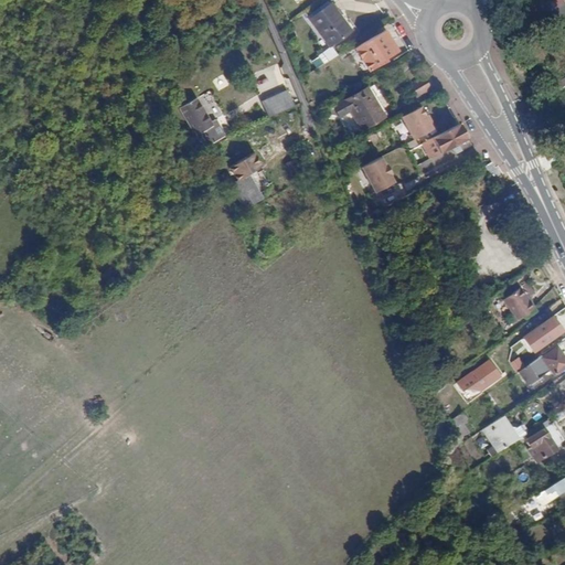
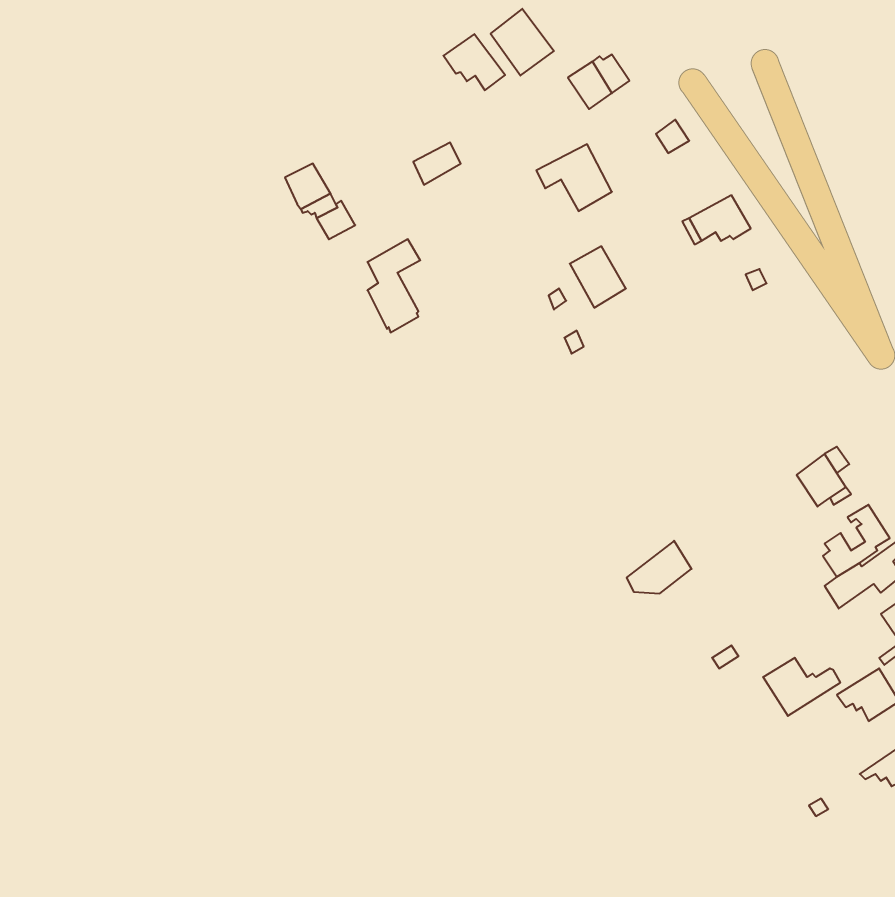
building: none -> [443,34,505,90]
building: [402,108,434,140] -> none
building: [459,358,500,391] -> [627,541,692,593]

